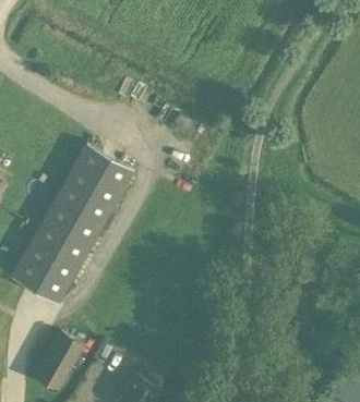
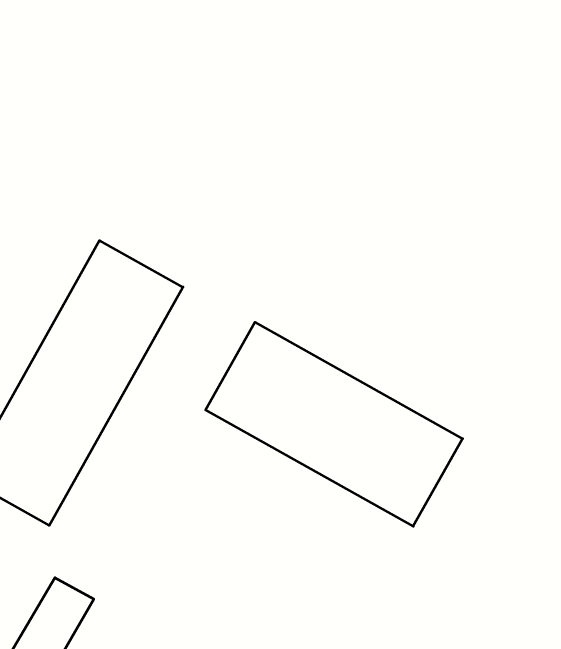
building: none -> [206,322,463,526]

